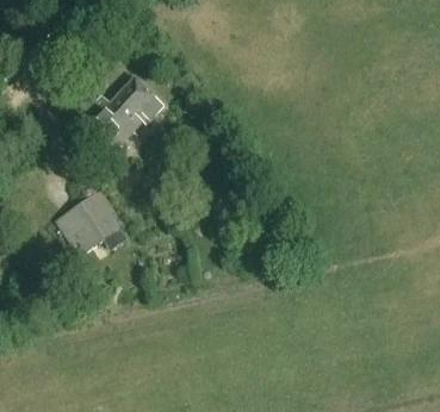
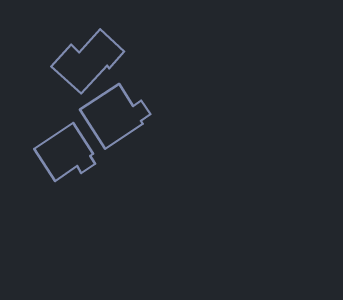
building: none -> [80,84,150,149]

